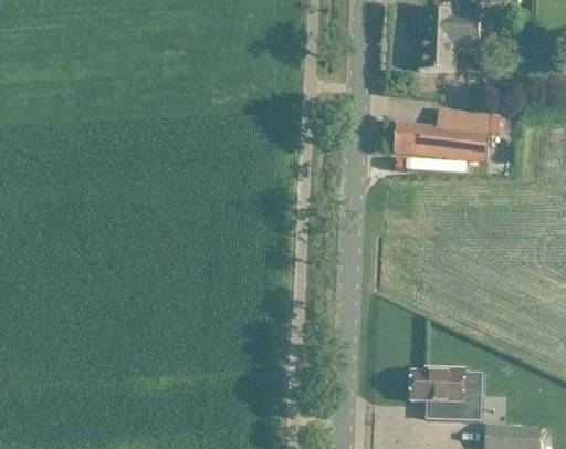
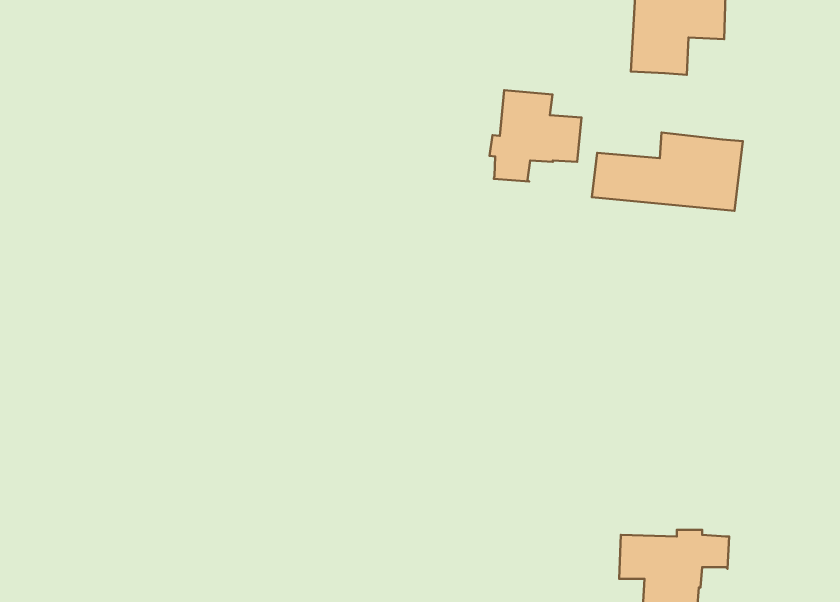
building: none -> [490,90,581,182]

